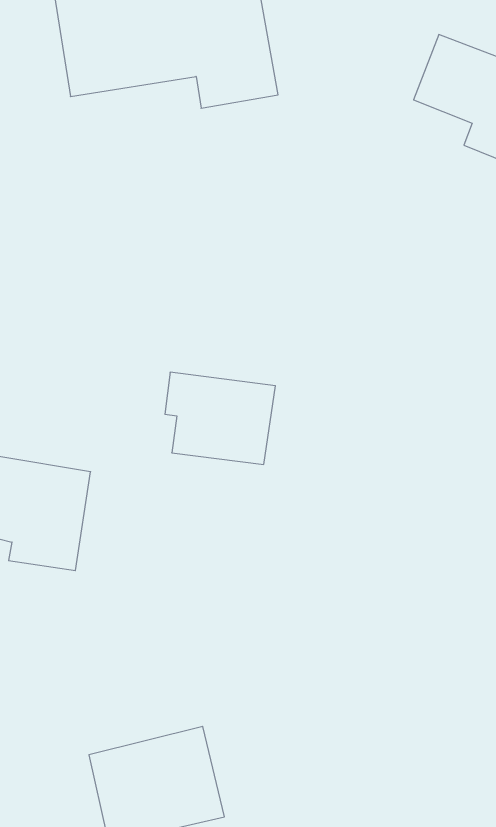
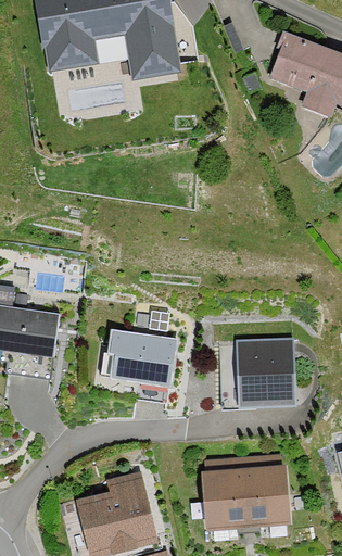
building: [165,372,275,464] -> [107,328,179,388]
building: none -> [237,337,295,407]
building: none -> [201,465,291,529]

